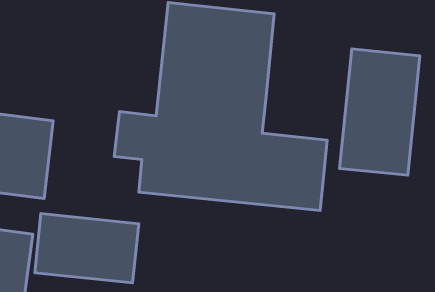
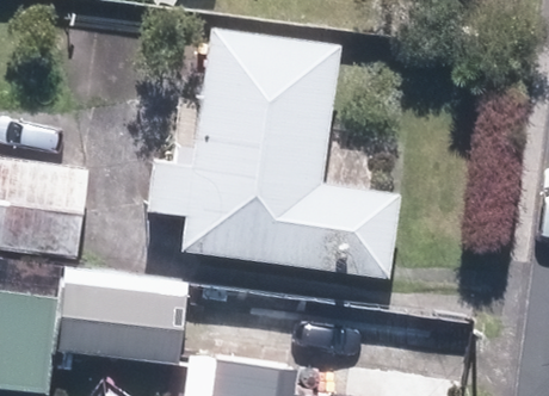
building: [340,49,420,175] -> none

